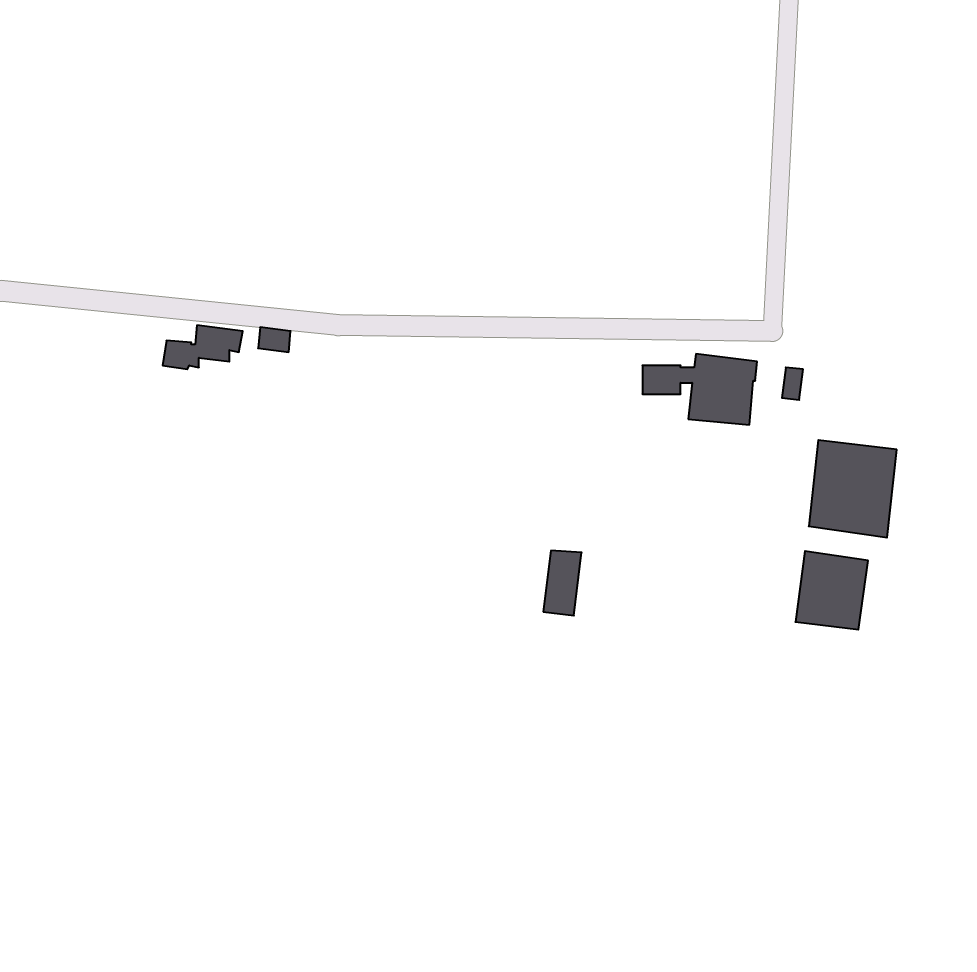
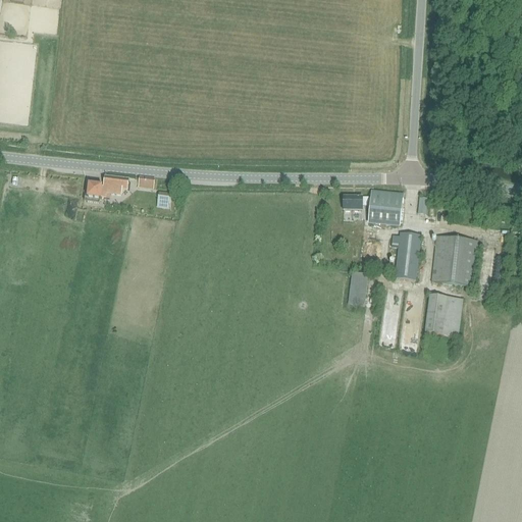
building: none -> [392,231,421,279]
building: [543,551,582,616] -> [348,271,368,306]

